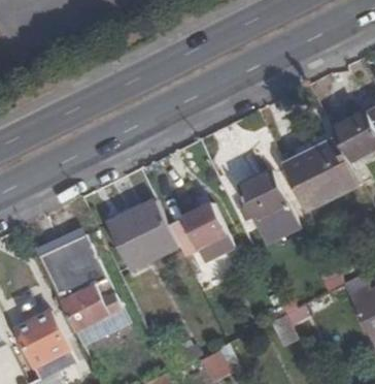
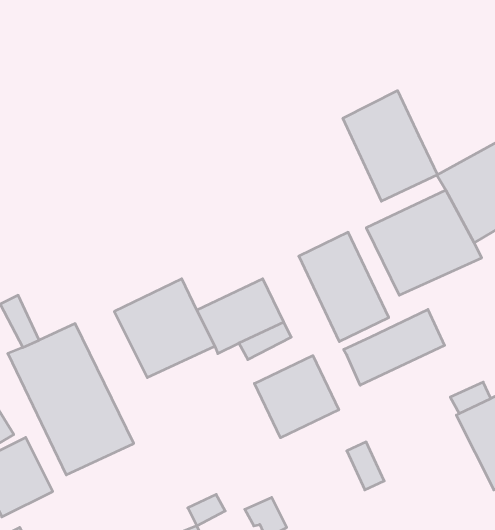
building: none -> [343,91,437,201]
building: none -> [344,309,445,385]
building: none -> [254,356,339,438]

